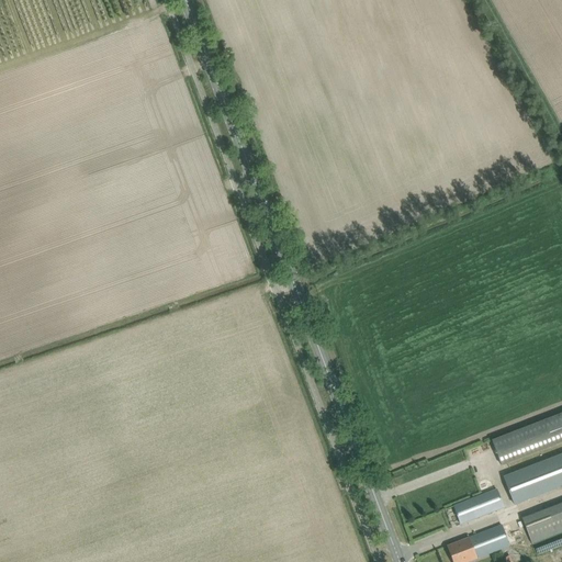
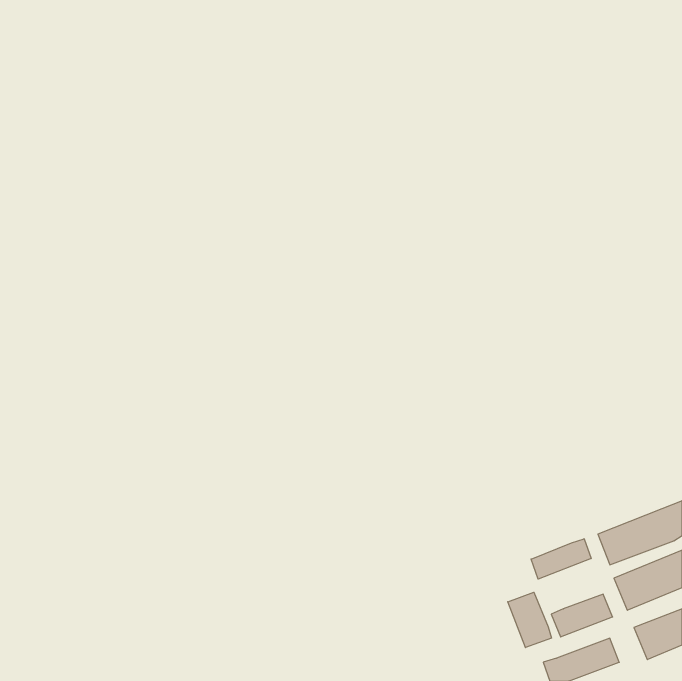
building: none -> [531,539,591,579]
building: none -> [508,592,552,648]

